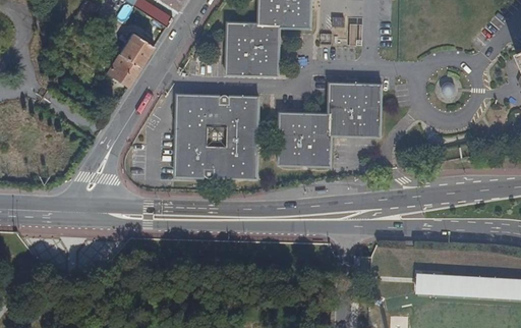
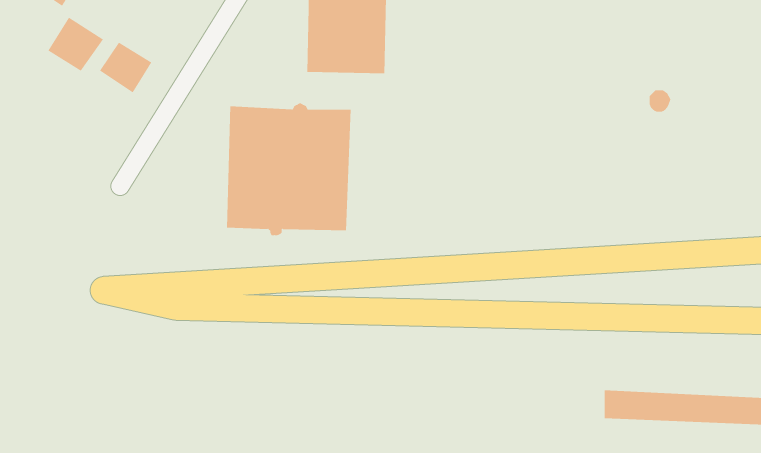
building: [109,33,144,67] -> [48,17,104,71]
building: [280,84,381,164] -> none

